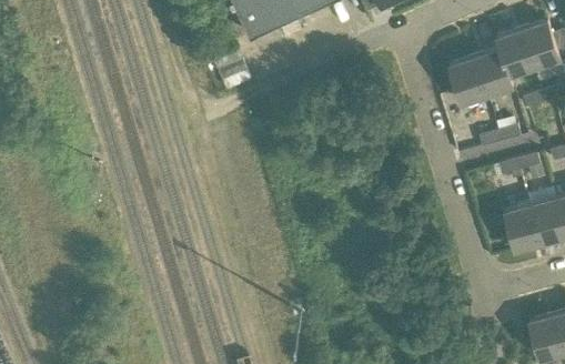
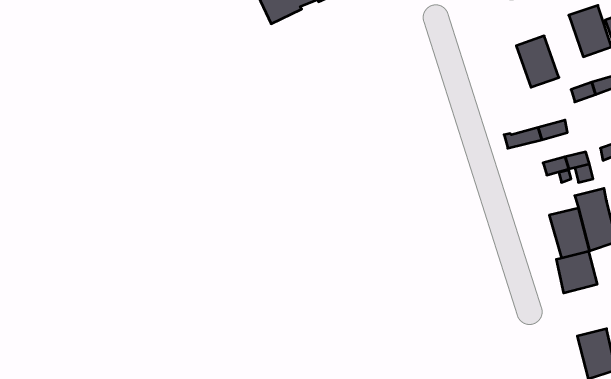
building: [495,31,534,88] -> none
building: [448,59,486,105] -> none
building: none -> [556,251,597,293]

